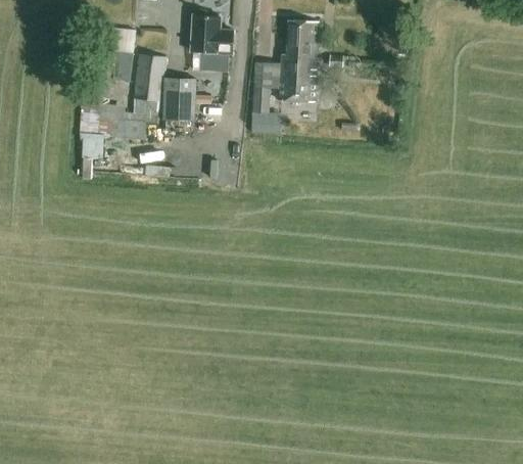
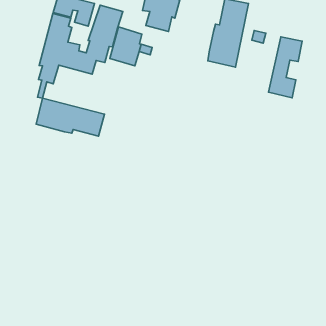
building: [250,62,281,134] -> [268,37,302,98]
building: none -> [36,98,104,136]

